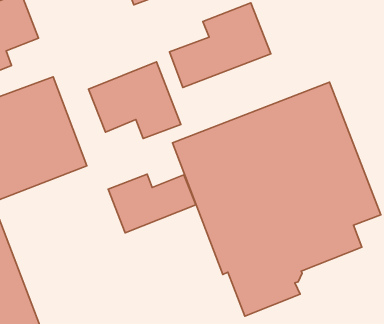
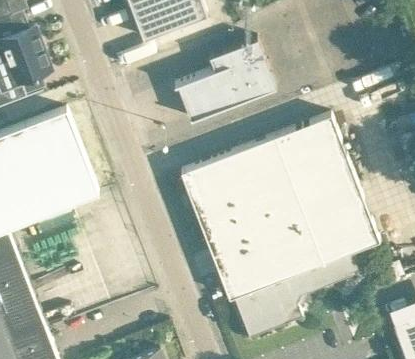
building: [89,62,181,139] -> none
building: [108,174,196,233] -> none

